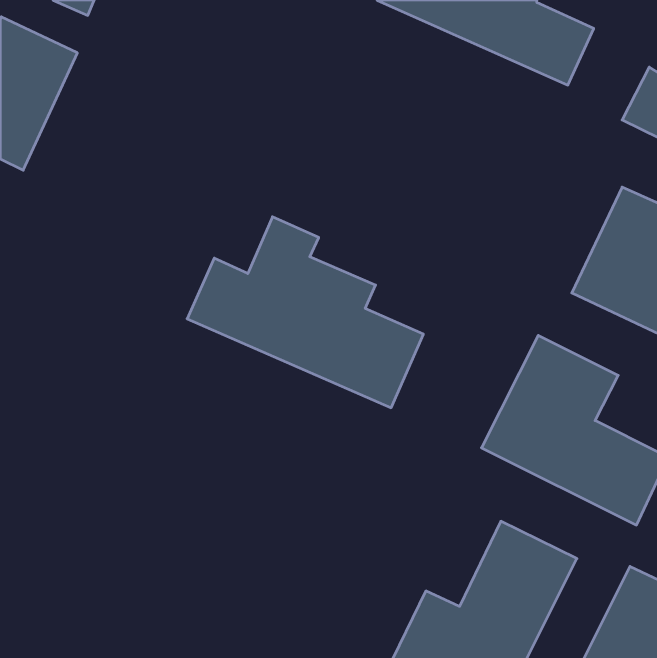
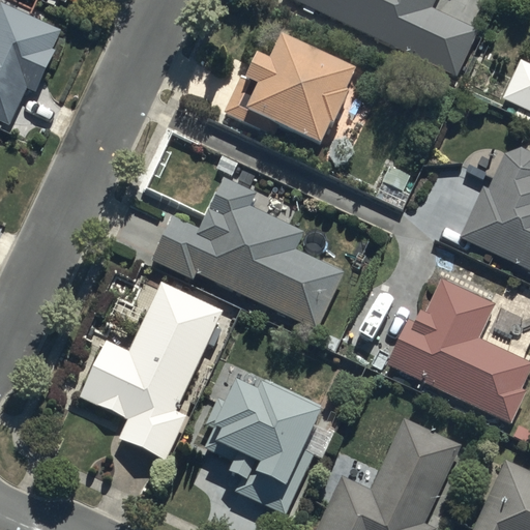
building: none -> [224,31,352,154]
building: none -> [81,282,223,458]
building: none -> [204,369,330,516]

